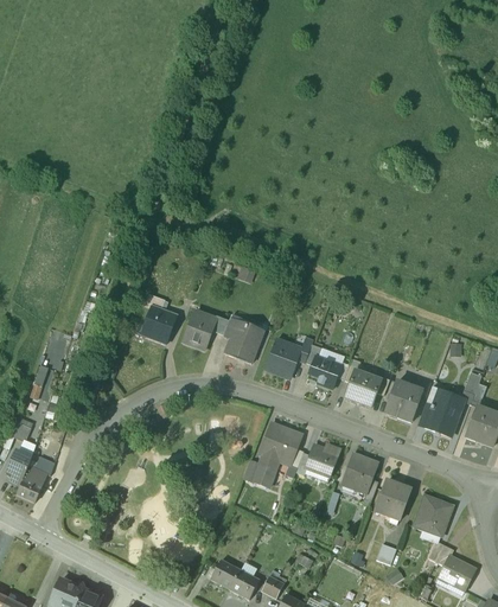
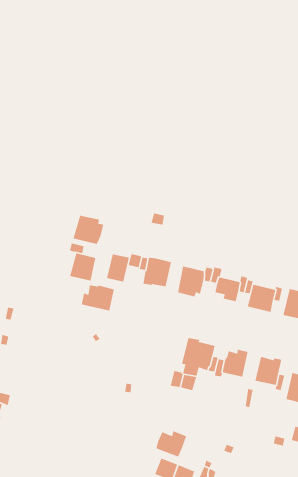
building: none -> [73,215,104,245]
building: none -> [81,284,114,311]
building: none -> [156,430,187,457]

